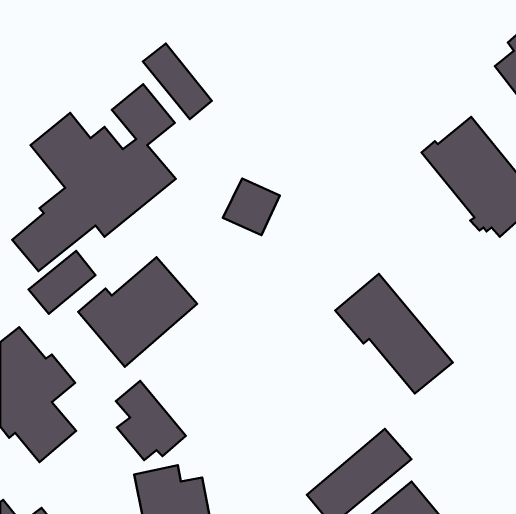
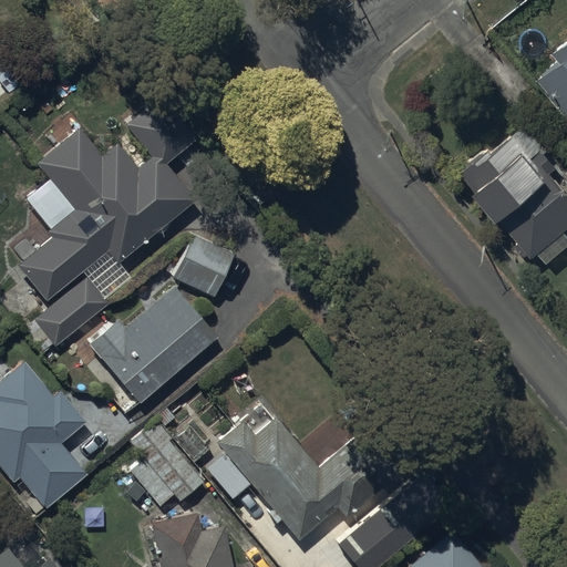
building: [143,44,212,119] -> none
building: [223,178,280,235] -> [172,236,234,298]
building: [335,274,453,394] -> none
building: none -> [215,420,396,542]

